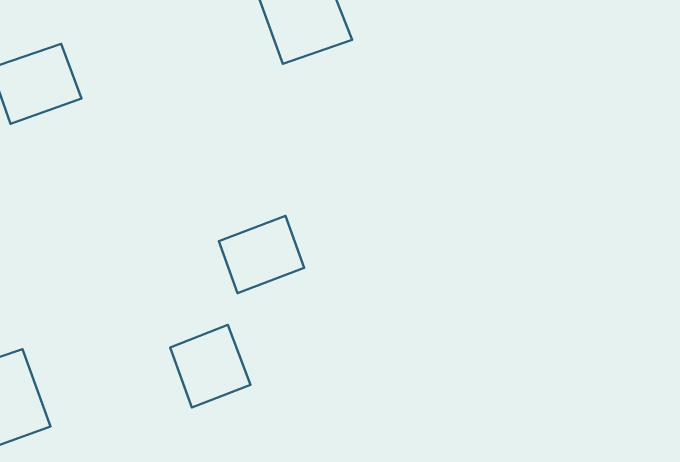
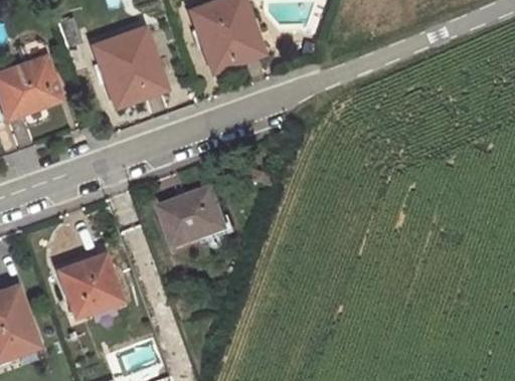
building: none -> [96,29,162,106]
building: [170,325,250,408] -> [59,253,120,316]

